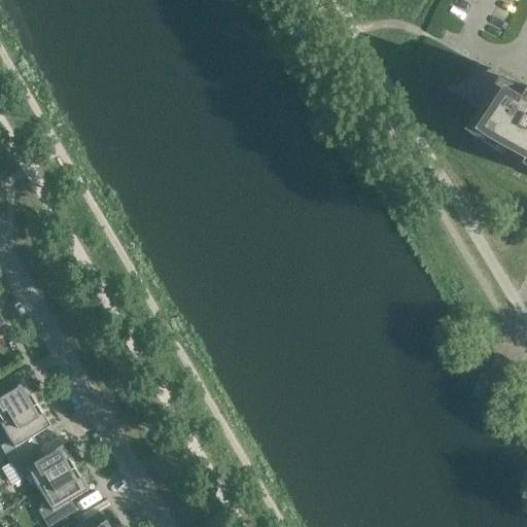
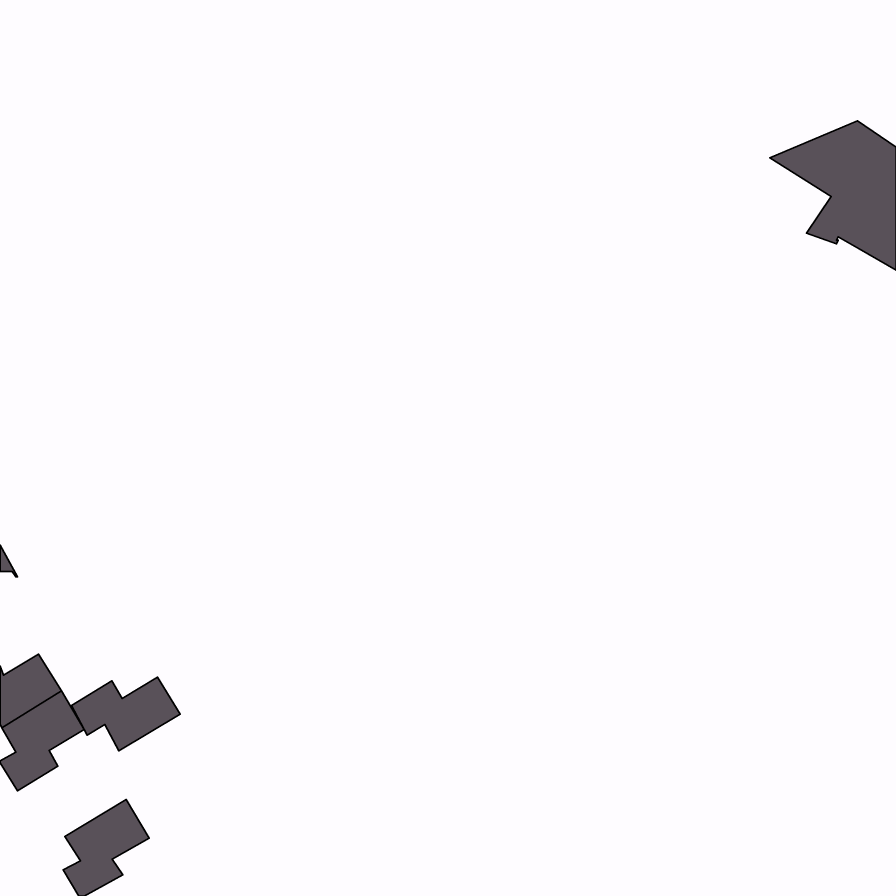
building: [10,448,74,491] -> [71,677,180,751]

